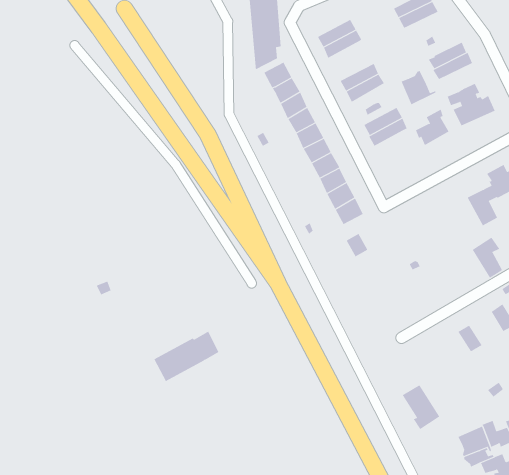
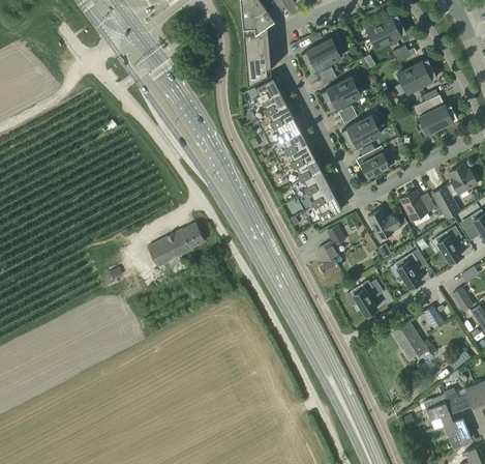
building: [401,70,436,105] -> none
building: [415,109,450,146] -> [359,146,389,178]
building: none -> [400,192,434,222]
building: none -> [367,210,400,239]
building: none -> [316,242,339,276]
building: none -> [396,254,423,290]
building: none -> [352,282,378,317]
building: [154,331,219,382] -> [148,223,205,267]
building: [402,385,440,430] -> [393,322,426,361]

